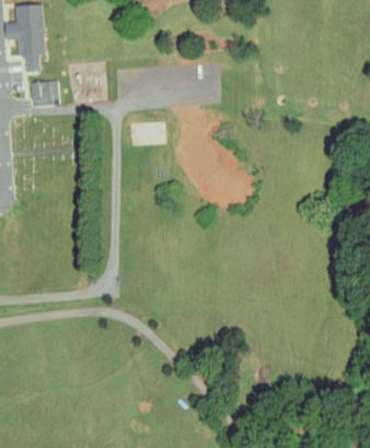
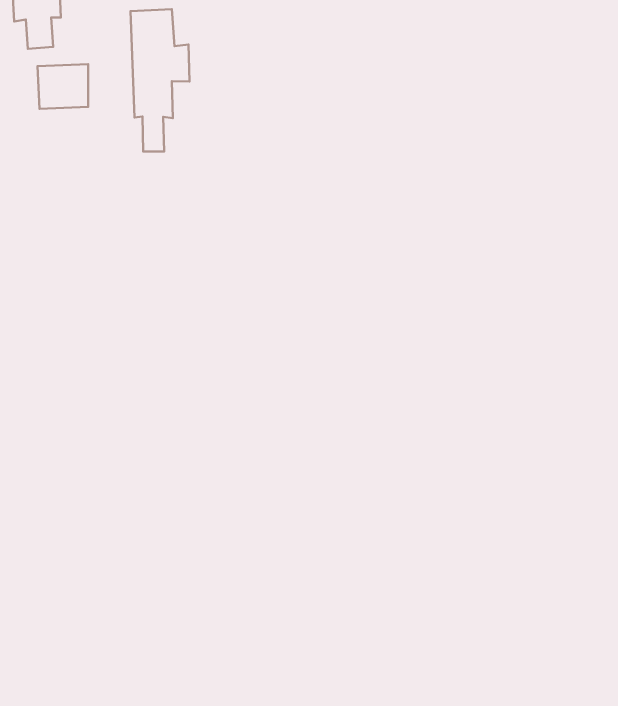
building: none -> [130,9,190,152]

